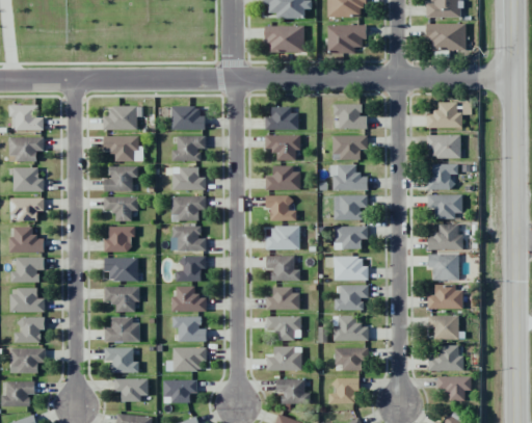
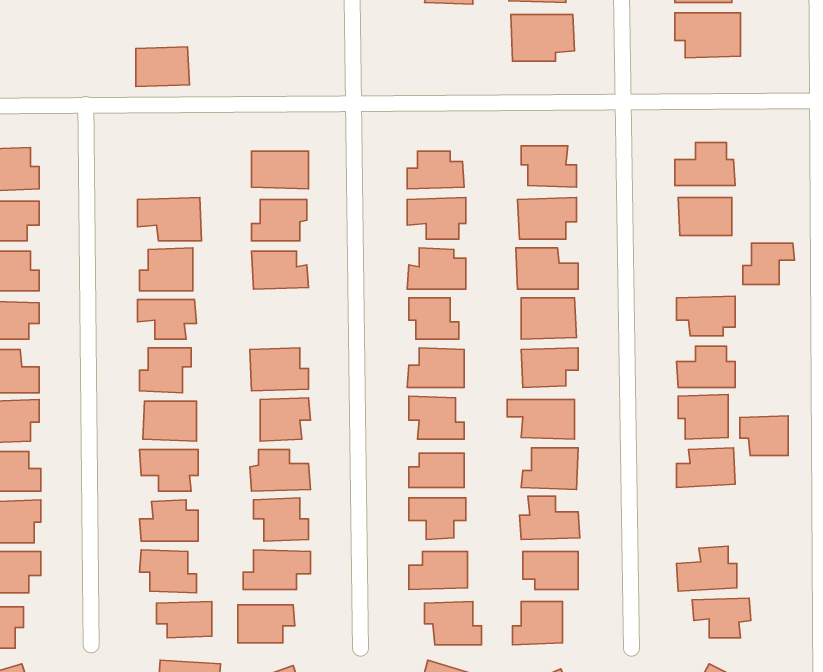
building: [264,26,304,52] -> none
building: [105,106,137,130] -> [136,47,189,87]
building: [427,164,458,189] -> [743,243,795,284]
building: [170,196,206,221] -> none
building: [428,315,457,339] -> [740,416,788,456]

